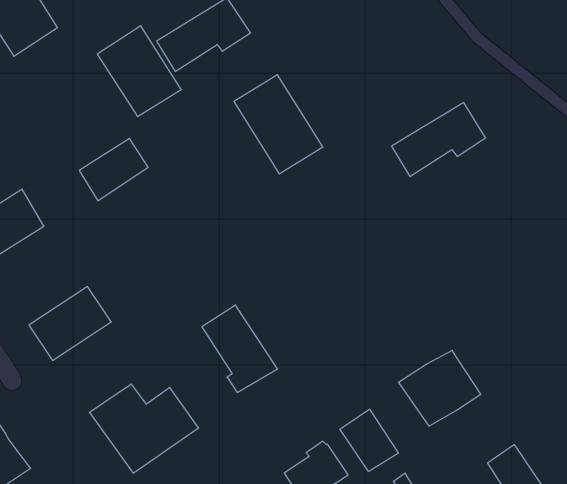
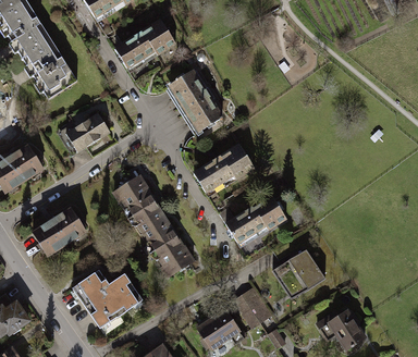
building: [97,26,181,116] -> [22,39,76,98]
building: [392,103,486,177] -> [193,144,254,192]
building: none -> [113,175,165,233]
building: none -> [224,194,286,242]

